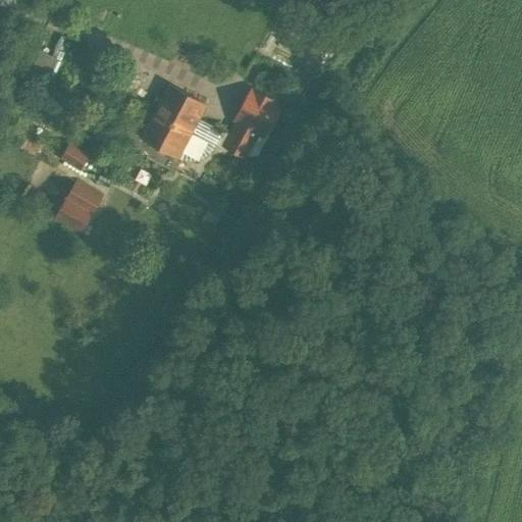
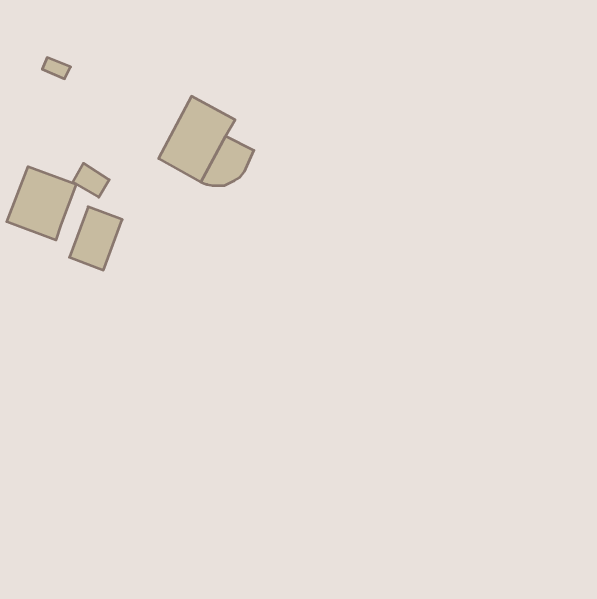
building: [222,90,275,161] -> none
building: none -> [7,167,76,240]

